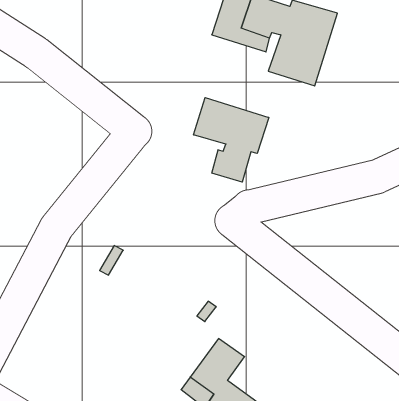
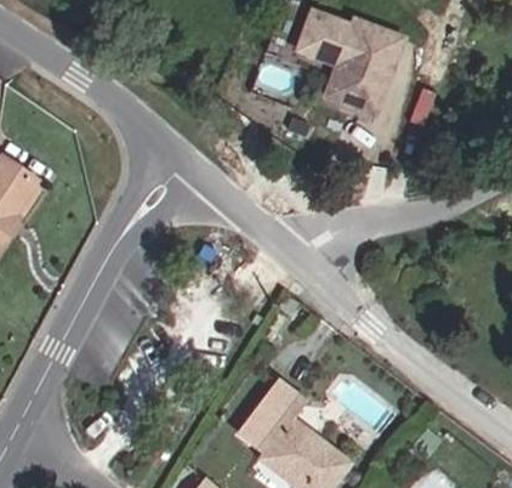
building: [194,98,269,182] -> none

